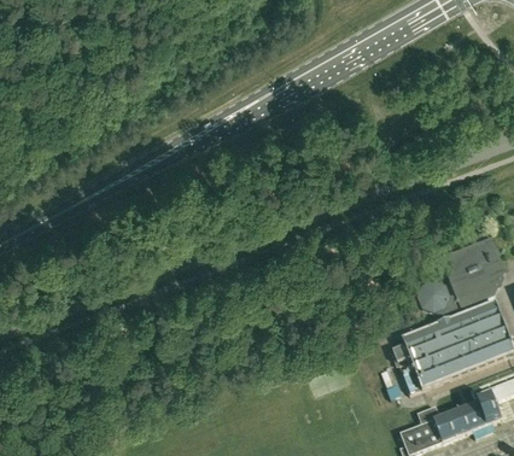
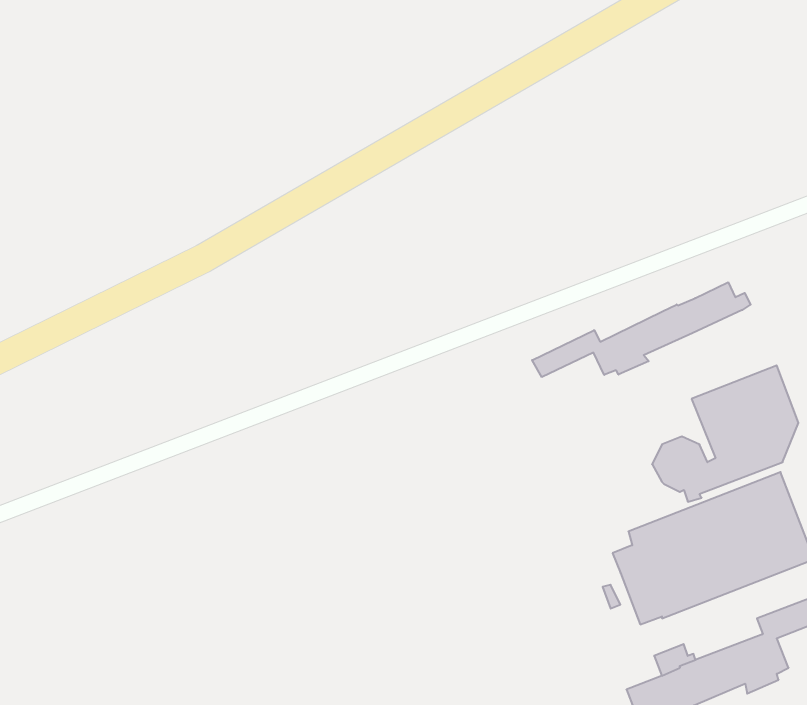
building: none -> [532,282,751,377]

